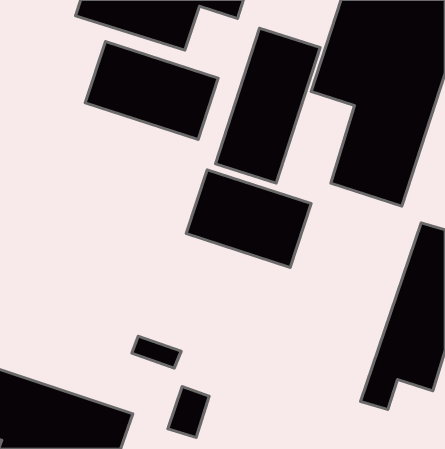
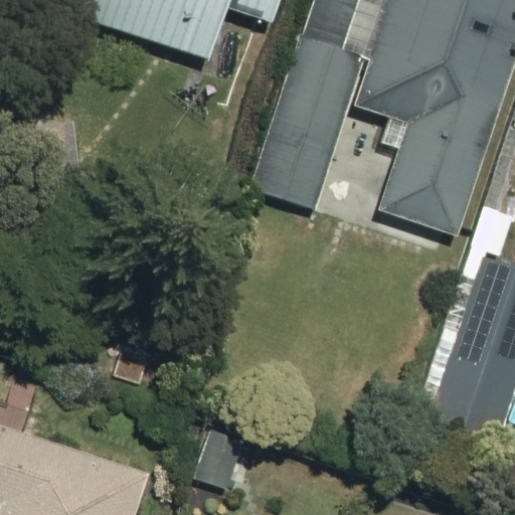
building: [85,42,218,140] -> none
building: [186,170,311,267] -> none

